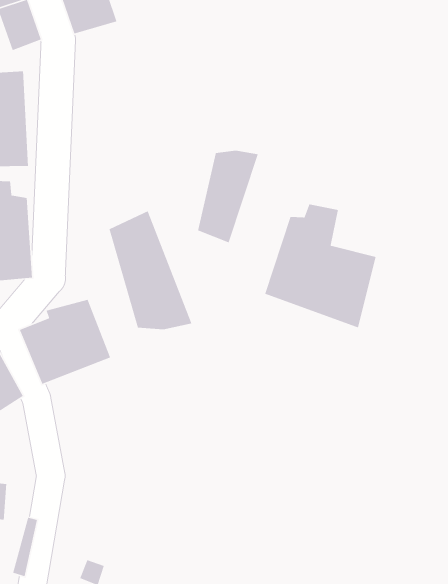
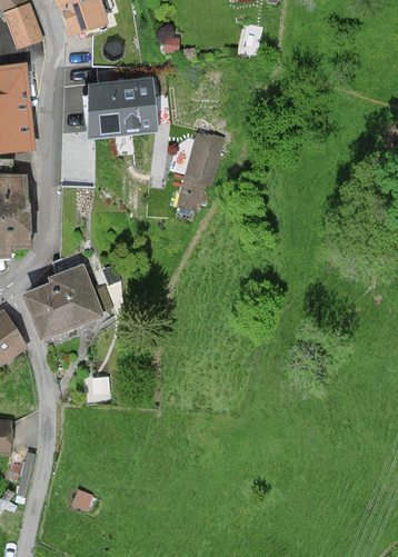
building: none -> [91,82,159,136]
building: [264,203,377,328] -> none
building: [108,210,193,330] -> none

